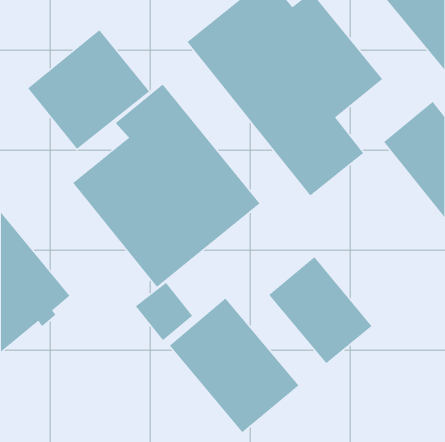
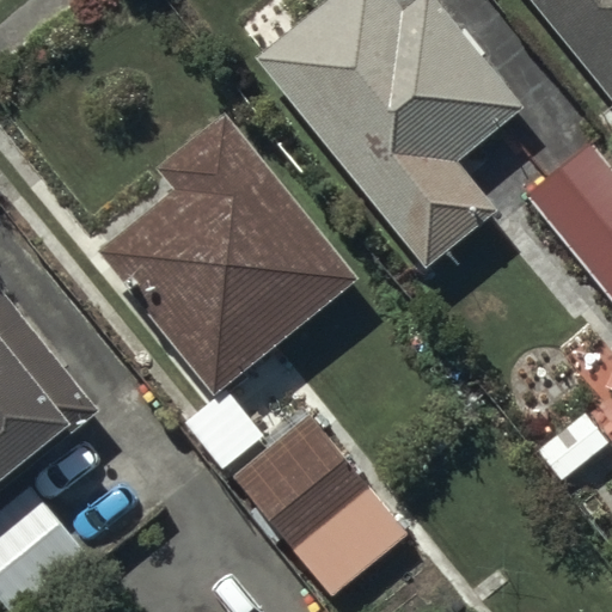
building: [27,29,150,150] -> none
building: [268,256,372,364] -> none

